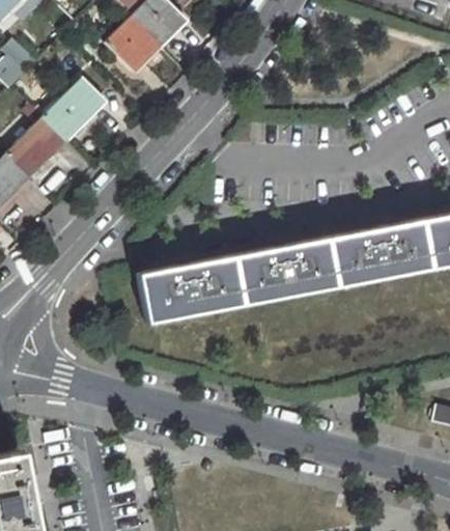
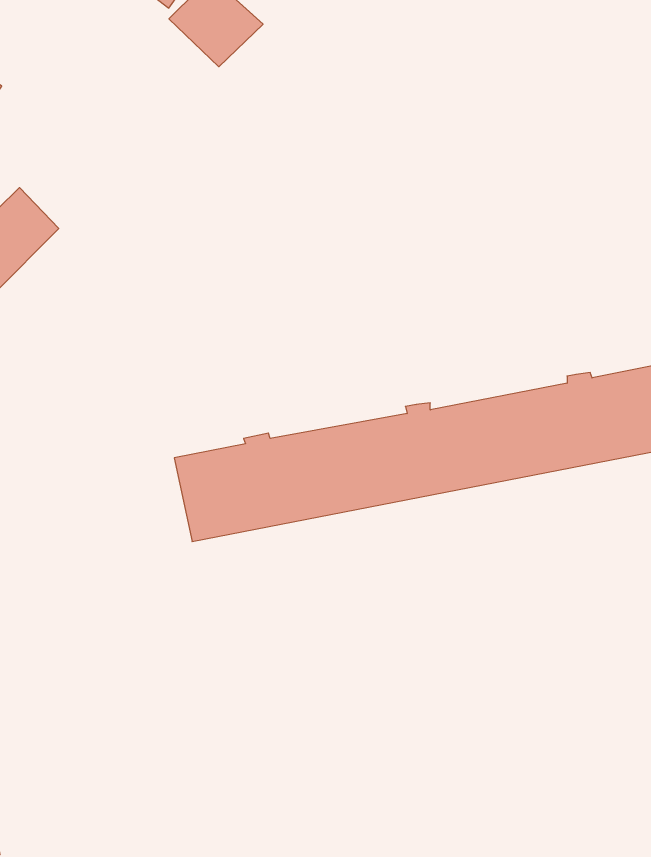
building: [107,18,162,72] -> none
building: [46,79,107,140] -> none

